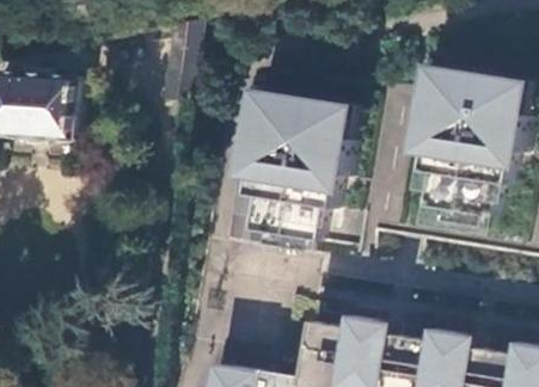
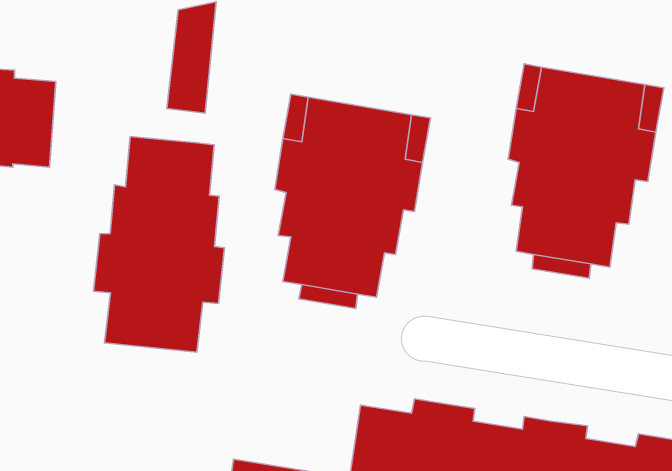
building: none -> [94,136,224,352]

